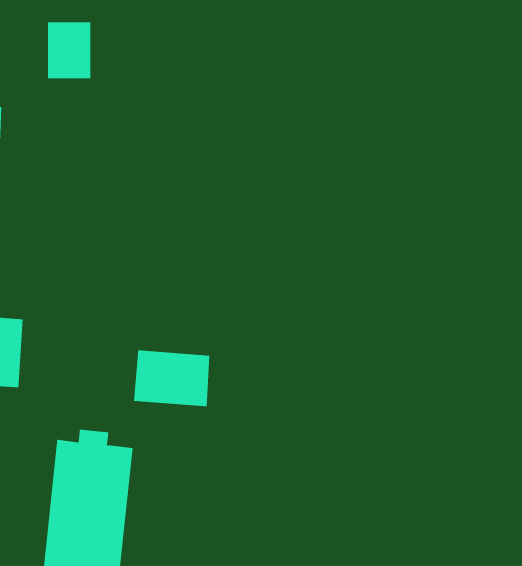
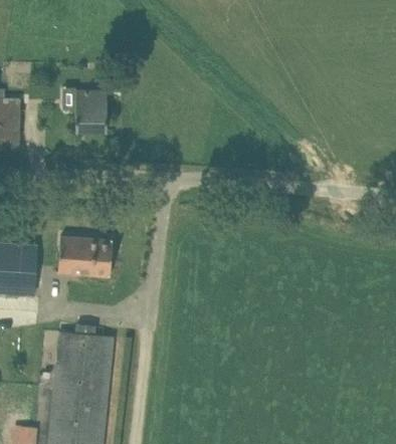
building: [47,22,91,79] -> [75,90,107,131]
building: [133,350,210,407] -> [57,235,112,275]

